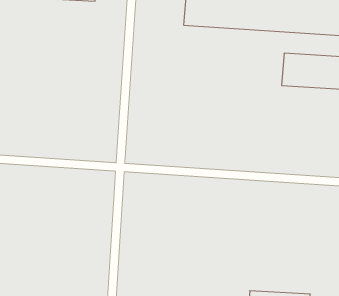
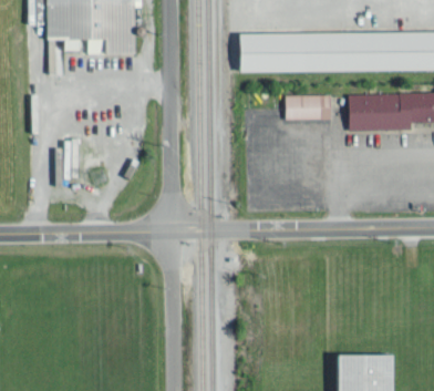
building: none -> [285,95,330,120]

